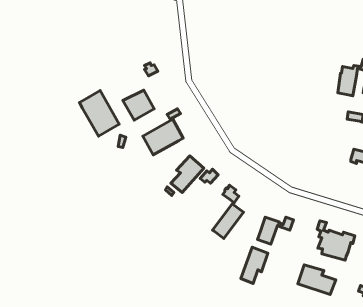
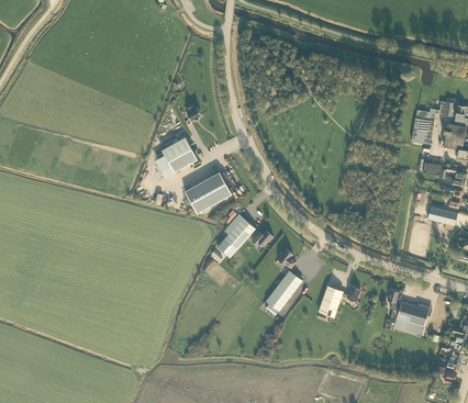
building: [79,91,119,136] -> none
building: [241,247,268,283] -> none
building: [298,265,336,295] -> none

